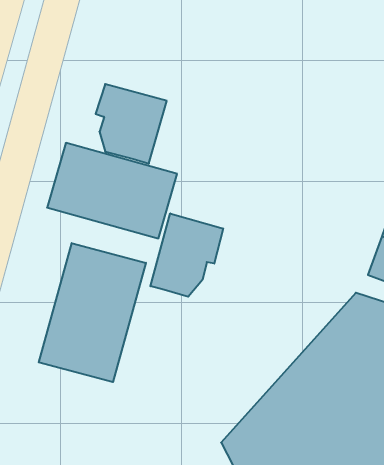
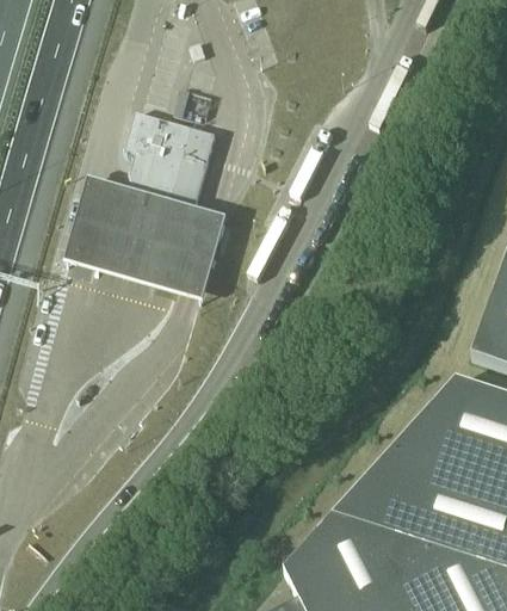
building: [150,213,223,297] -> none
building: [39,243,146,382] -> none

